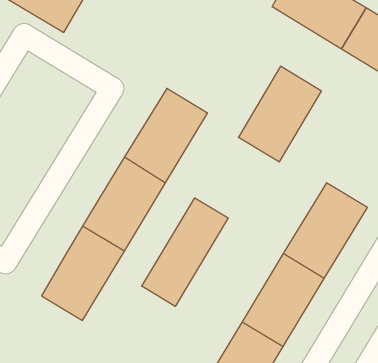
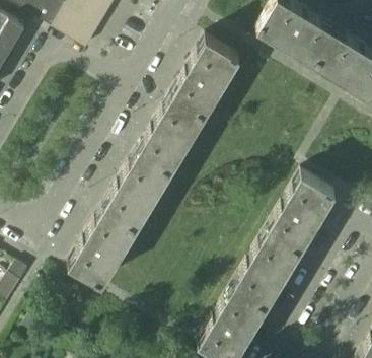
building: [238,66,322,162] -> [173,41,241,119]
building: [142,198,228,306] -> none

